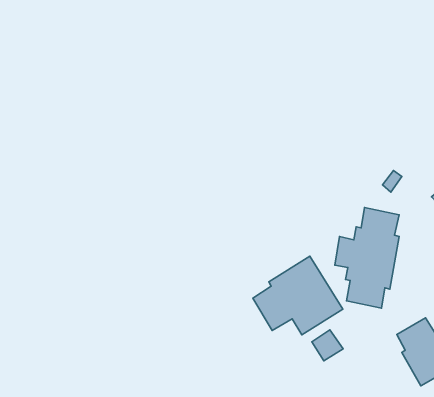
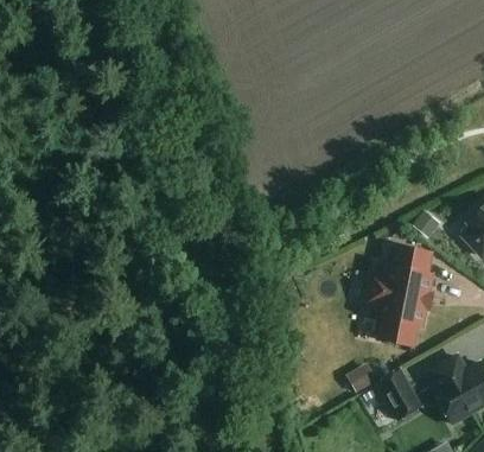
building: [253,256,343,335] -> none
building: none -> [377,369,421,419]

